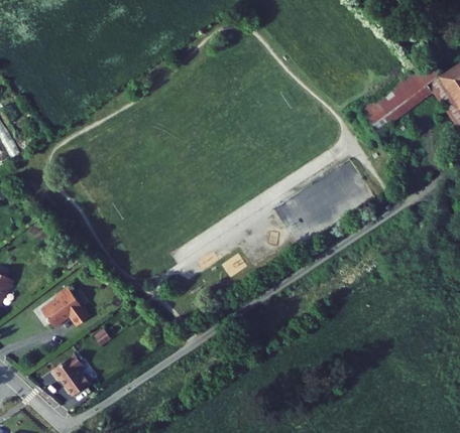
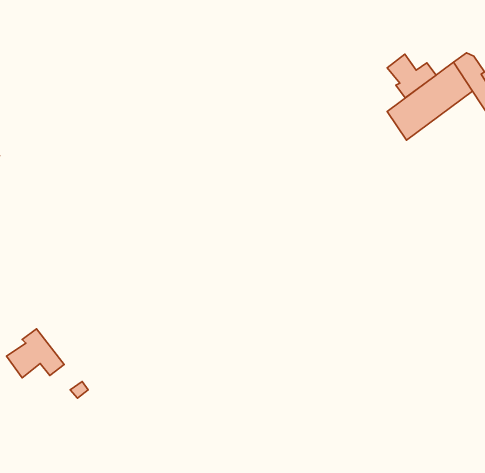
building: none -> [387,54,436,98]
building: [54,356,92,398] -> none

